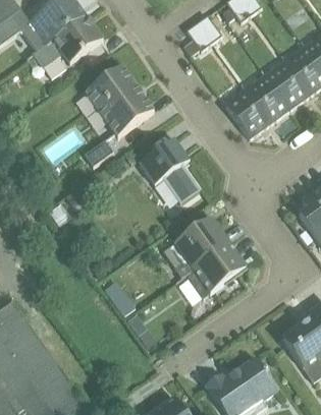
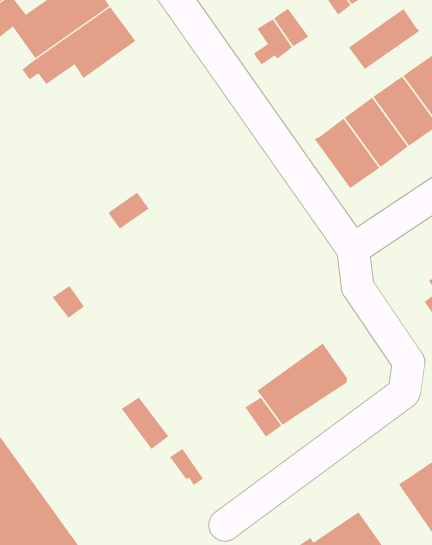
building: none -> [348,8,420,70]
building: [84,64,154,136] -> none
building: [137,137,200,202] -> none
building: [161,216,228,277] -> none

